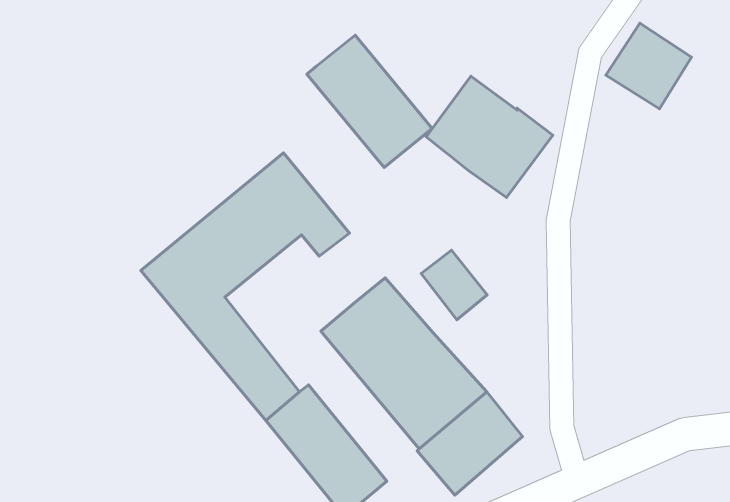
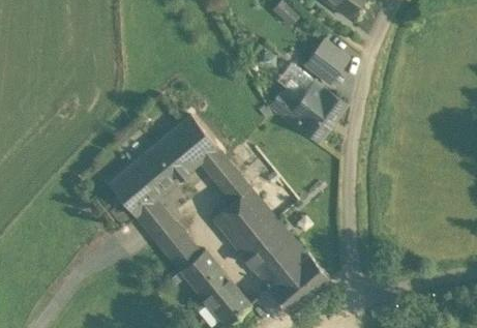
building: [606,23,691,109] -> [303,35,353,85]
building: [307,35,432,168] -> none
building: [421,250,487,320] -> [210,161,248,202]

